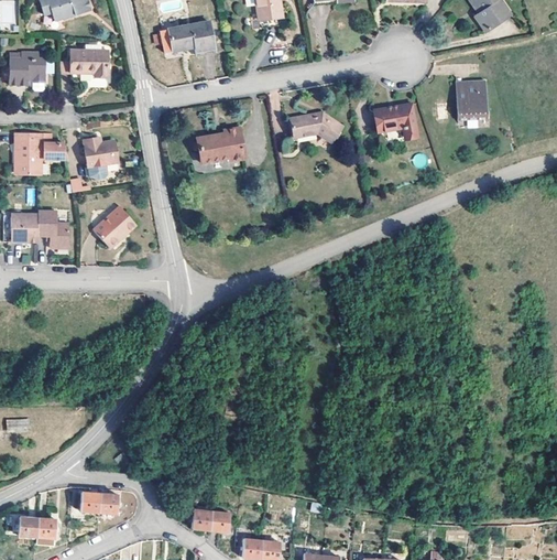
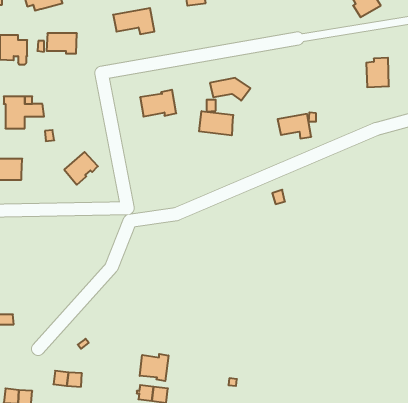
building: [451,77,481,116] -> [366,58,389,87]
building: [370,101,414,133] -> [278,114,311,138]
building: [85,139,117,180] -> none
building: none -> [199,111,233,135]
building: [39,212,70,248] -> none
building: none -> [140,354,168,381]

